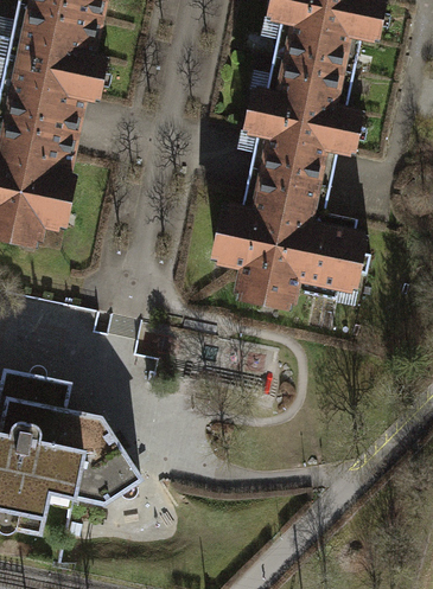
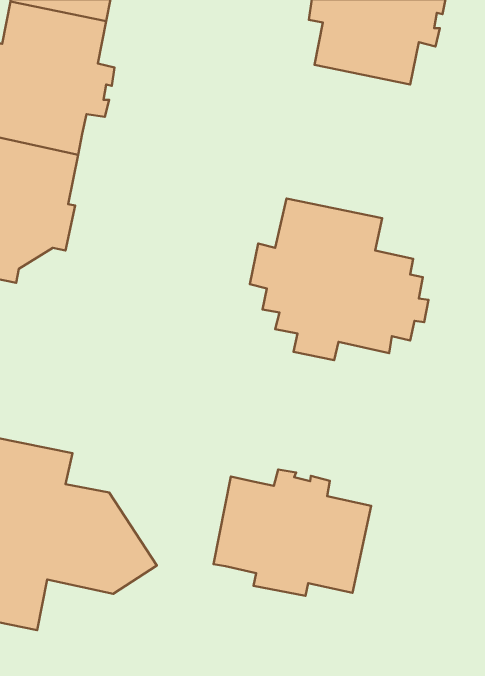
building: [244,57,361,186] -> none
building: none -> [213,469,371,596]

